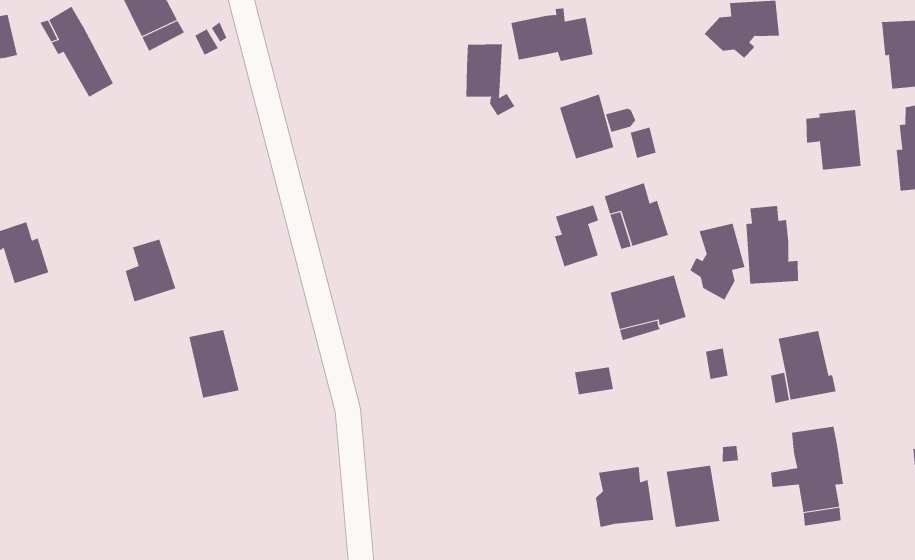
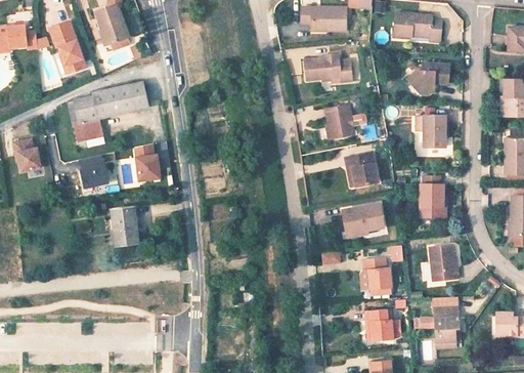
building: [466,43,515,116] -> none
building: none -> [79,85,150,139]
building: [806,110,862,170] -> [416,121,444,152]
building: [554,205,599,267] -> none
building: [689,223,745,301] -> none
building: none -> [138,157,161,182]
building: [595,467,654,528] -> [358,259,389,290]

